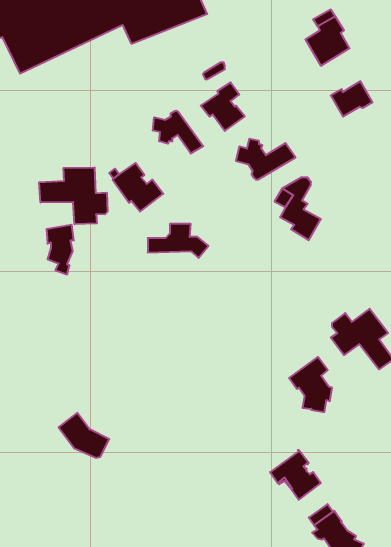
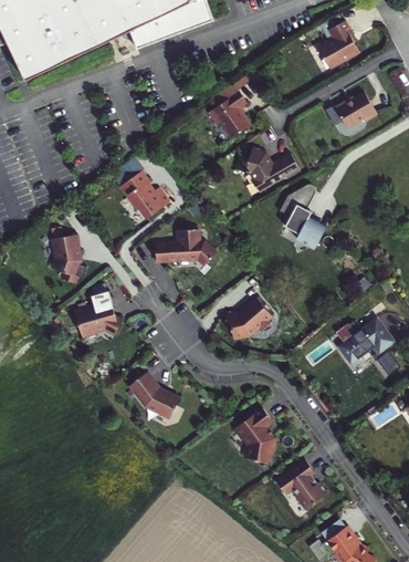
building: [153,111,203,154] -> none
building: [39,167,107,224] -> none
building: none -> [73,290,120,333]
building: none -> [223,295,271,335]
building: [289,357,332,412] -> [233,406,276,461]
building: [59,413,109,458] -> [128,370,179,415]

